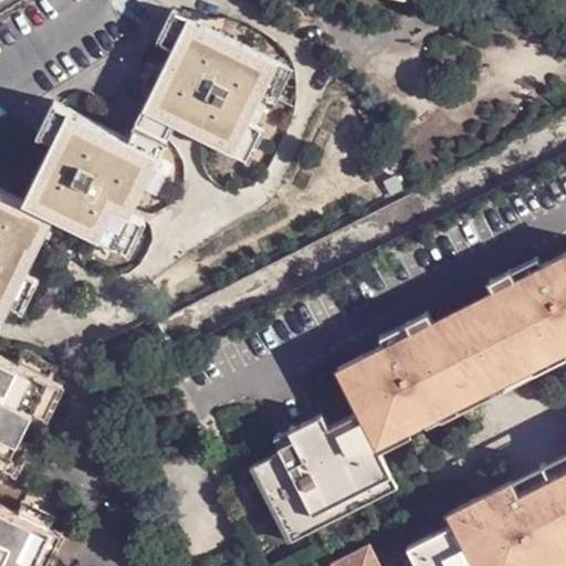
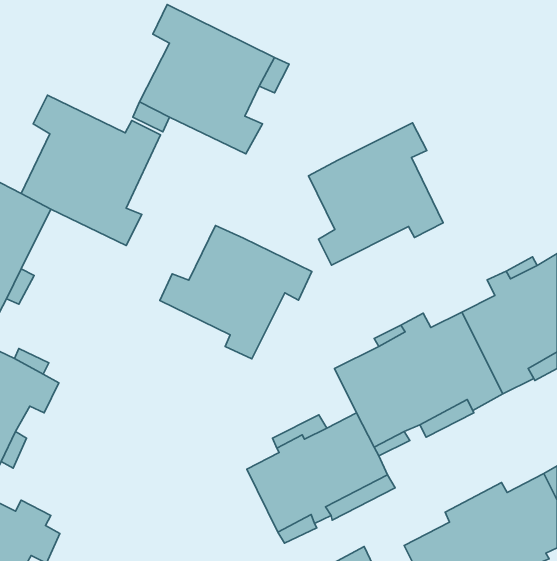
building: none -> [308,123,443,265]
building: none -> [160,226,312,359]

